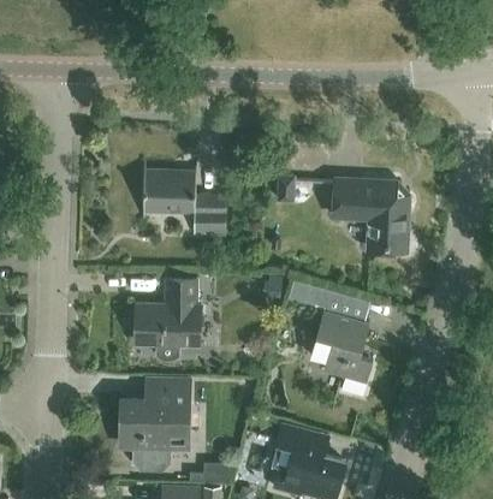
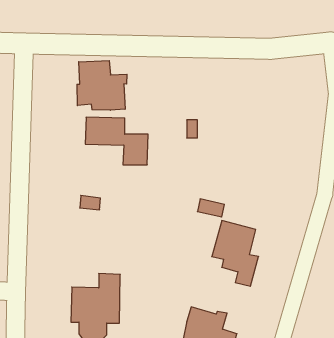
building: none -> [77,61,127,110]
building: [331,178,408,253] -> none
building: [135,279,201,362] -> none

